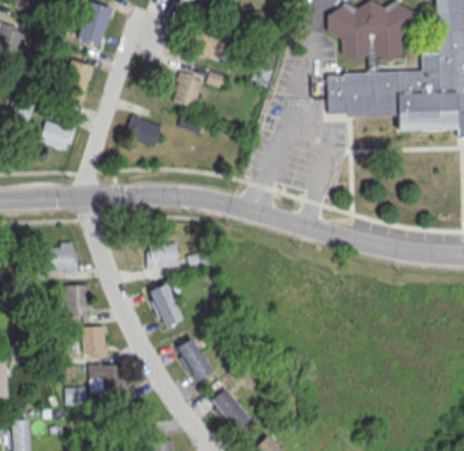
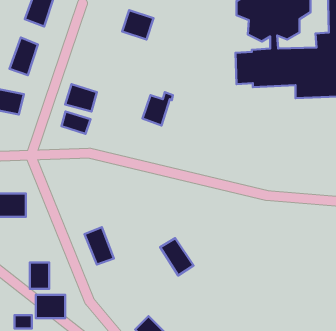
building: [171,68,207,108] -> [142,92,173,126]
building: none -> [62,112,90,134]
building: [145,243,179,269] -> none
building: [72,284,90,317] -> none
building: [174,338,213,383] -> [160,238,194,276]

